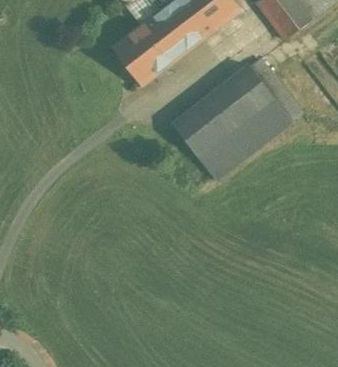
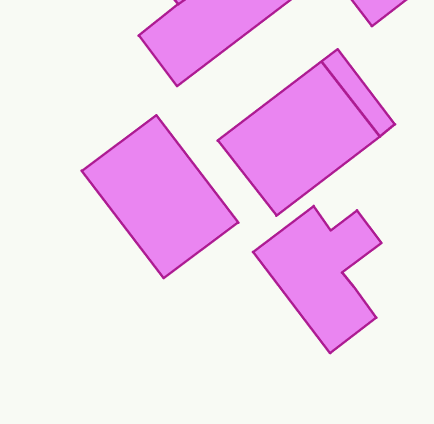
building: none -> [82,115,238,278]
building: none -> [253,206,381,353]

